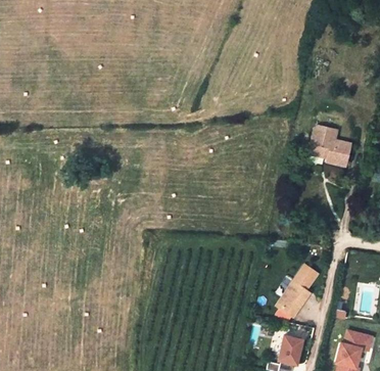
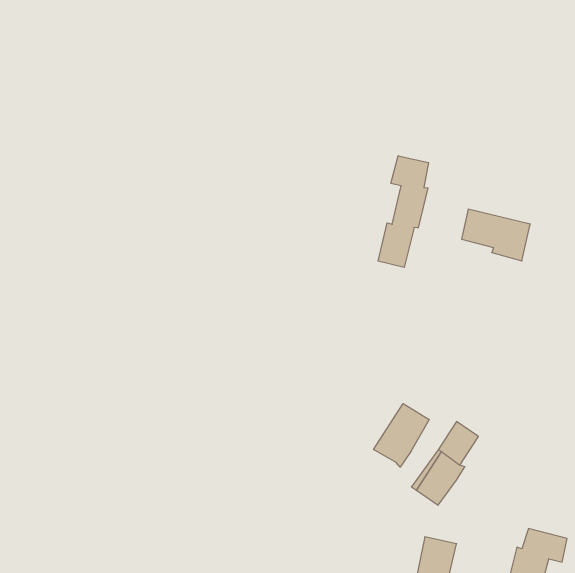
building: none -> [378,156,429,267]
building: none -> [374,404,429,467]

